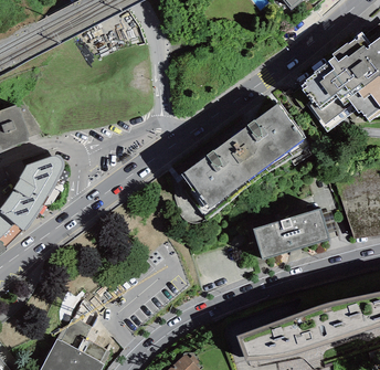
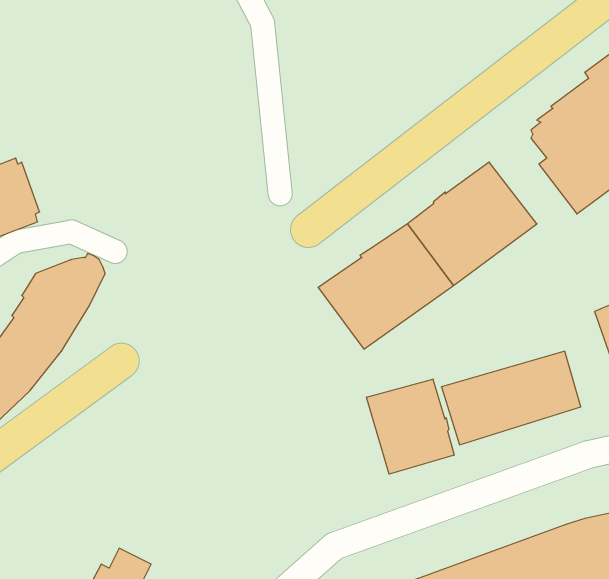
building: none -> [367,379,454,474]

